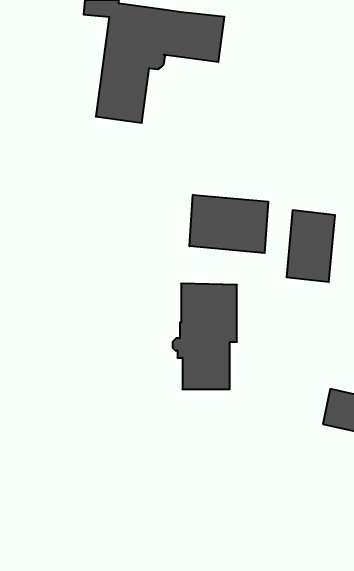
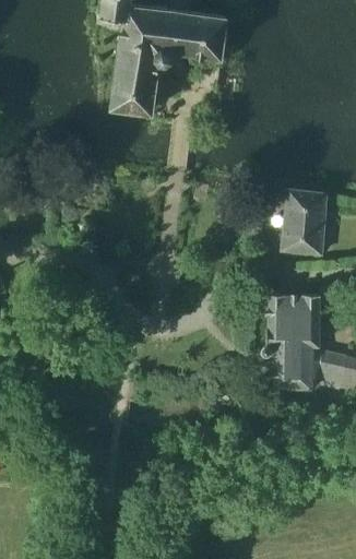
building: [189,195,268,253] -> none
building: [173,284,237,389] -> [262,295,320,390]

